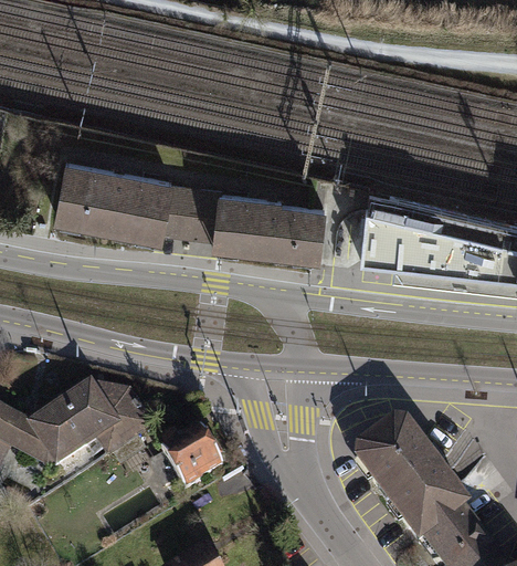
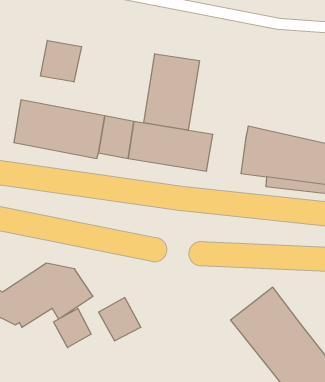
building: none -> [41,40,82,82]
building: none -> [144,54,199,130]
building: none -> [54,308,91,348]

